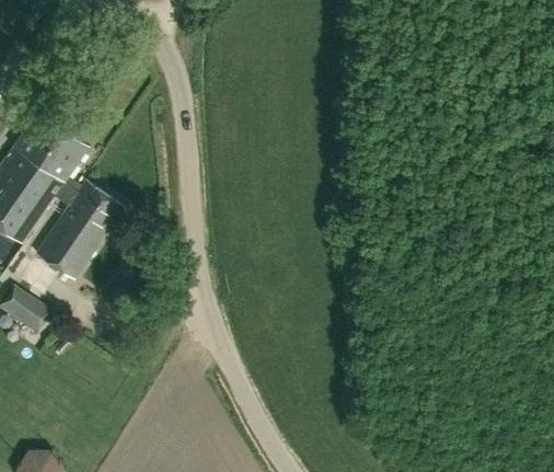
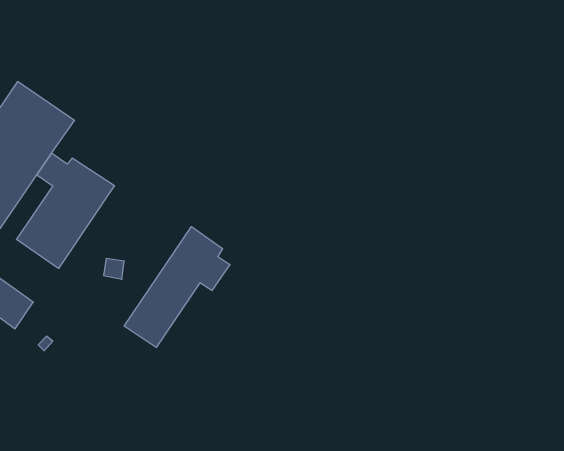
building: none -> [124,227,230,347]

